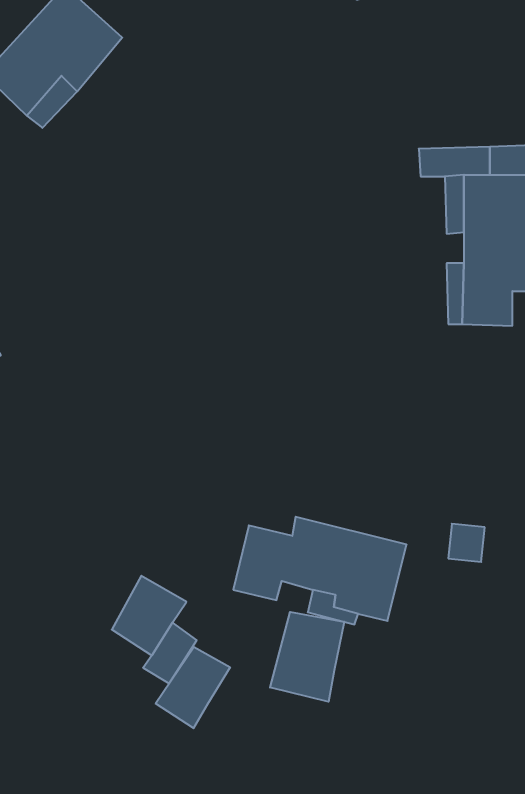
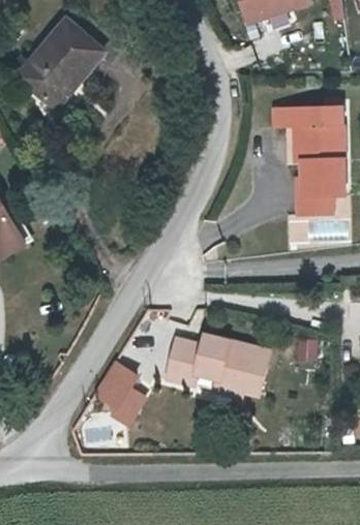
building: [270,612,344,702] -> none
building: [156,647,230,728] -> none

